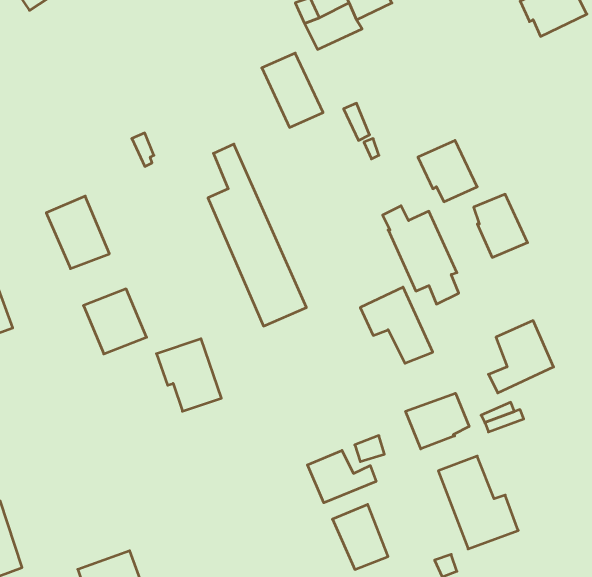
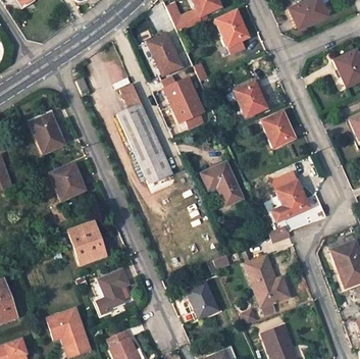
building: none -> [216,11,247,53]
building: [383,206,459,304] -> [162,74,204,129]
building: [156,339,221,411] -> [68,222,104,262]
building: [406,393,469,449] -> none
building: [307,450,376,503] -> none
building: none -> [98,270,130,312]

